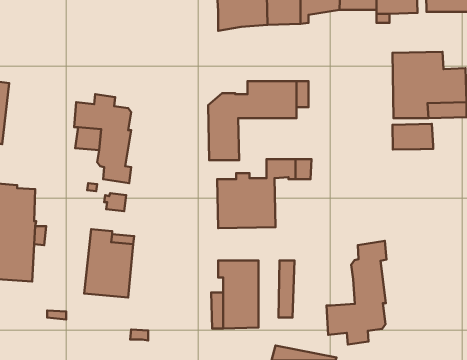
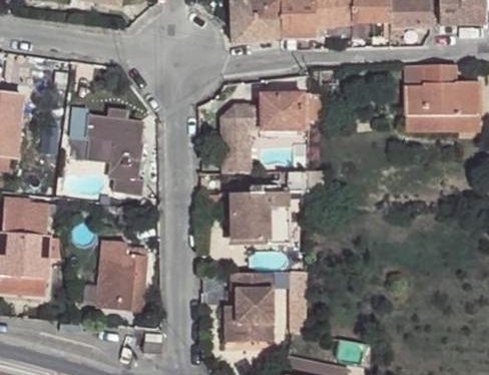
building: [393,124,433,150] -> none
building: [327,241,387,345] -> none

